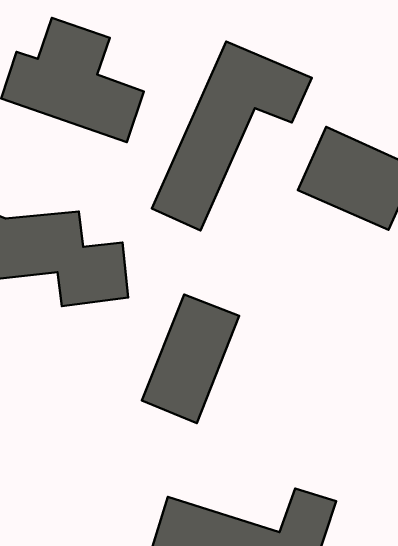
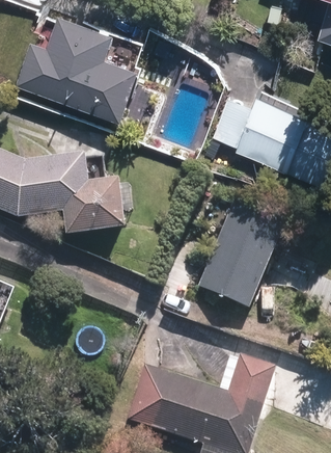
building: [152,41,312,230] -> none
building: [142,295,239,423] -> [203,206,275,300]

